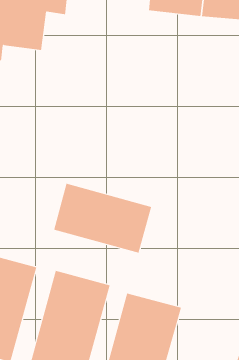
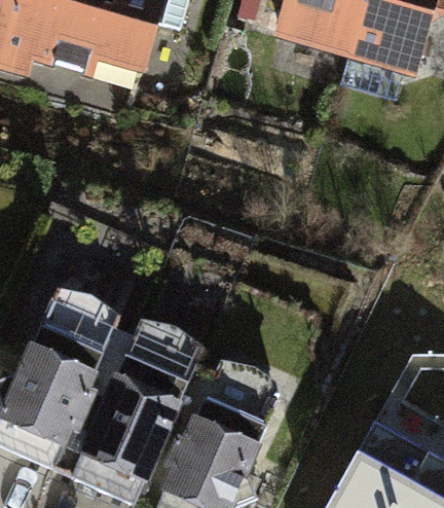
building: [54,183,152,253] -> none

